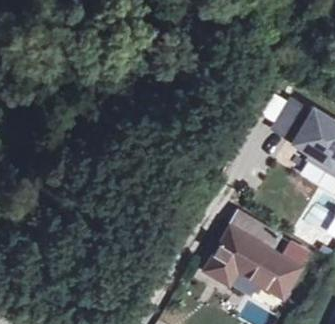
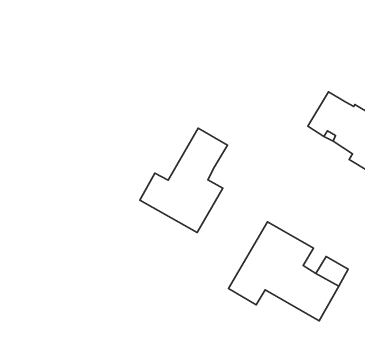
building: none -> [140,128,227,232]

